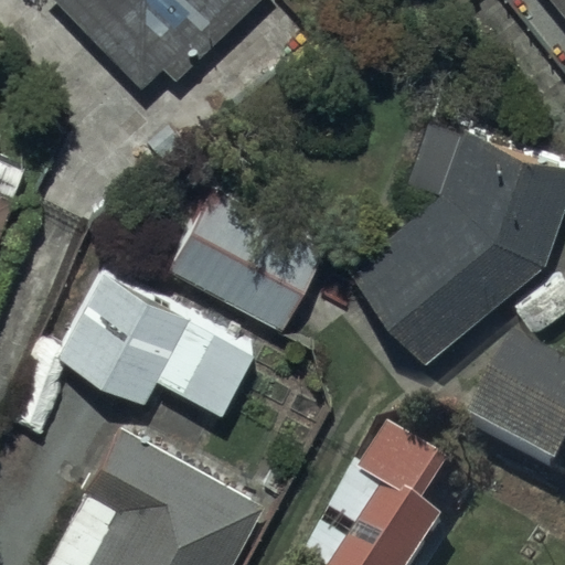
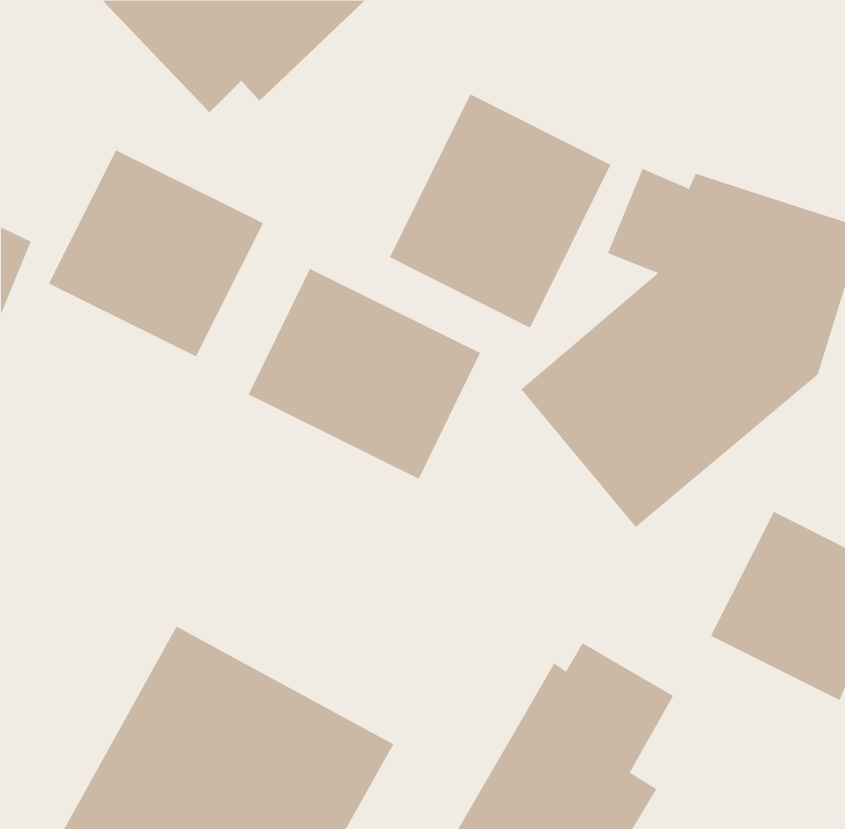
building: none -> [389,94,611,328]
building: none -> [48,149,264,357]
building: [57,273,255,416] -> none

